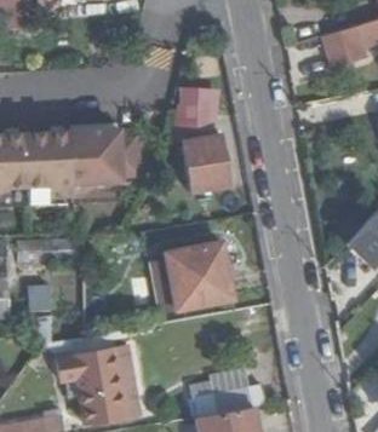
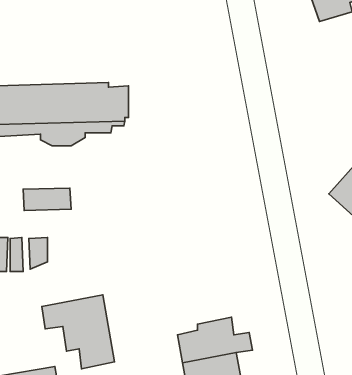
building: [181,90,230,190] -> none
building: [164,242,233,307] -> none

